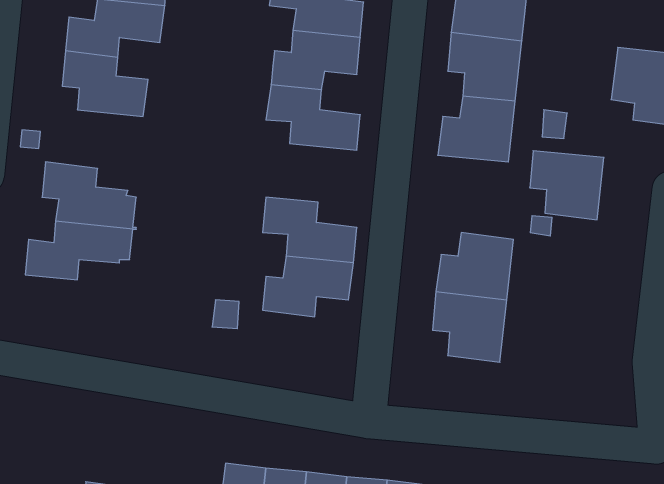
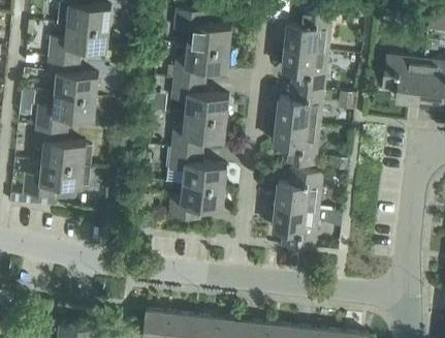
building: none -> [35,92,95,128]
building: none -> [170,113,226,149]
building: [530,151,604,220] -> [274,120,319,162]

